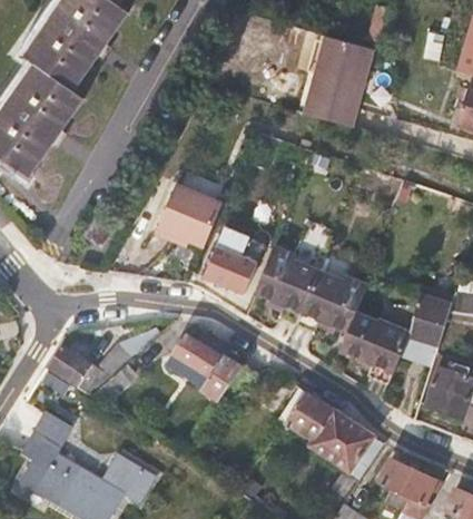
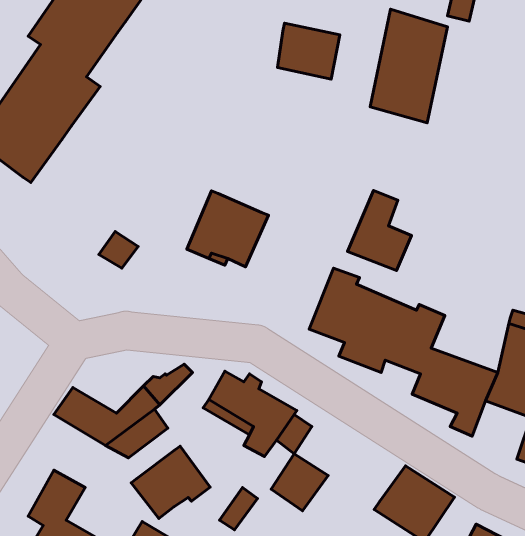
building: none -> [278,23,340,79]
building: [204,227,256,293] -> [348,191,411,271]
building: [287,392,334,439] -> [271,454,328,511]
building: none -> [131,446,210,519]

